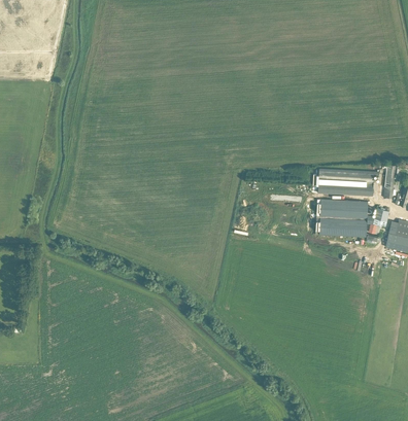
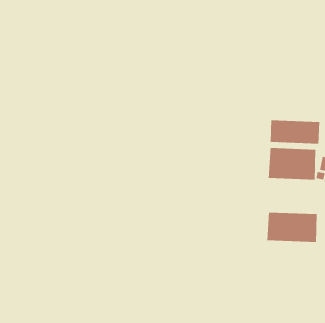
building: none -> [267,212,317,243]

